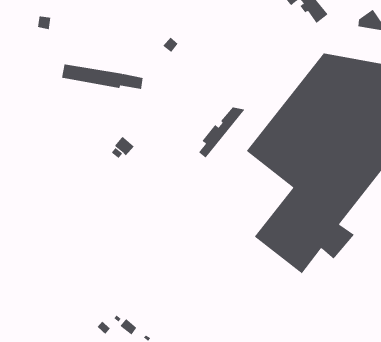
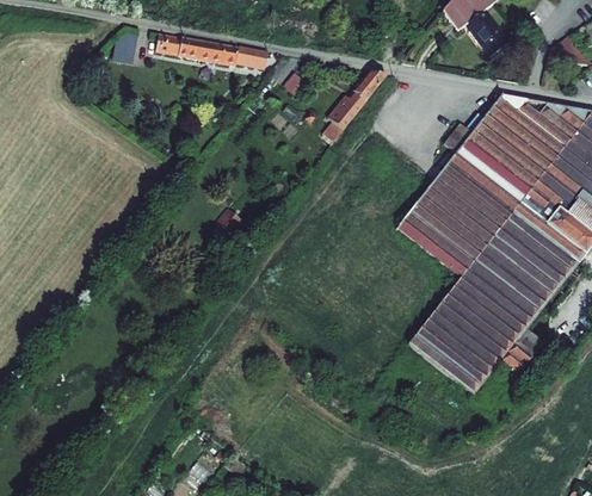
building: [61,64,144,89] -> [156,32,269,67]
building: [198,107,245,158] -> [323,70,388,141]

